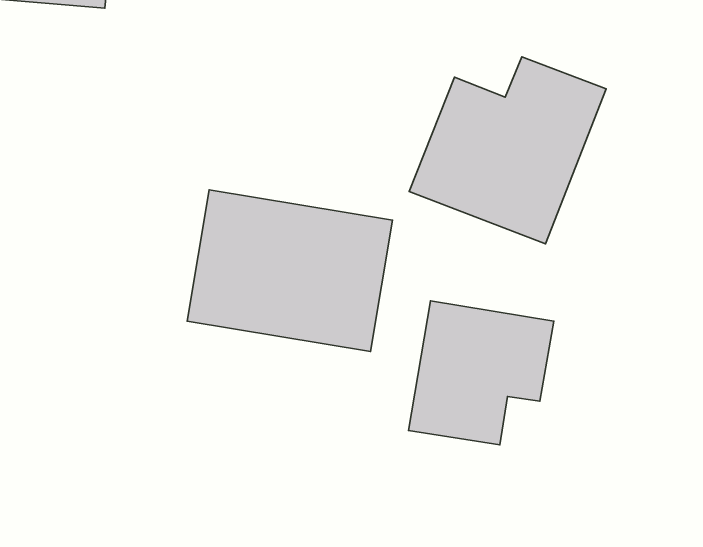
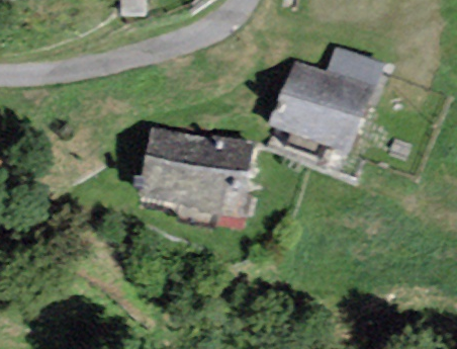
building: [408,301,554,445] -> none

